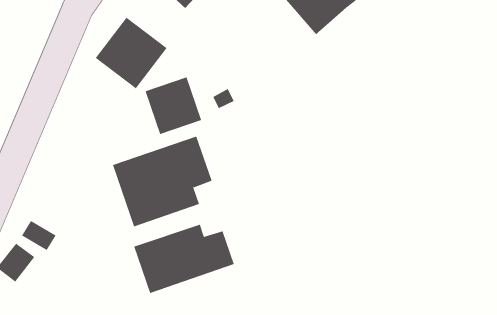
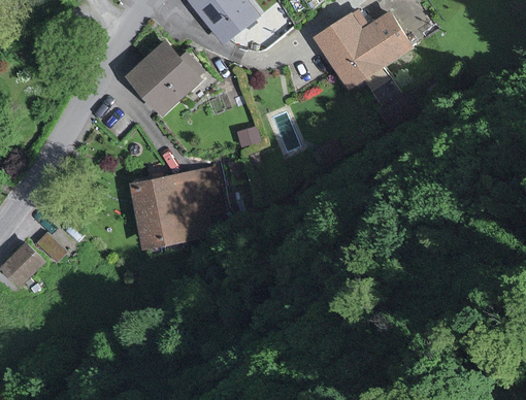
building: [145,77,202,135] -> none
building: [133,224,235,294] -> none

